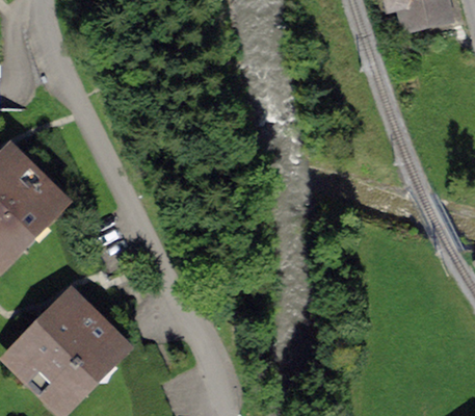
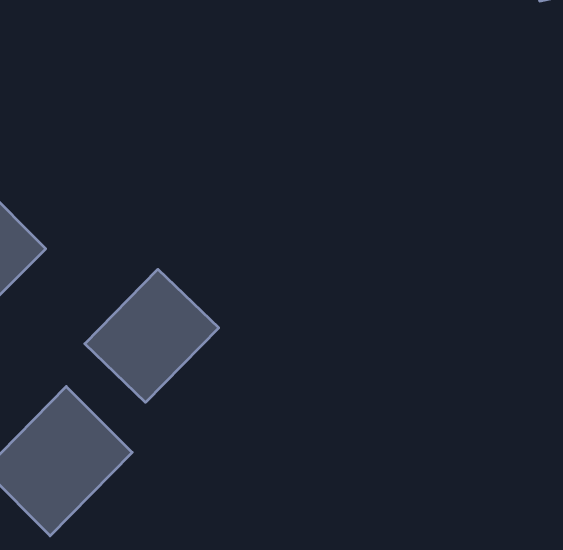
building: none -> [85,269,219,402]

